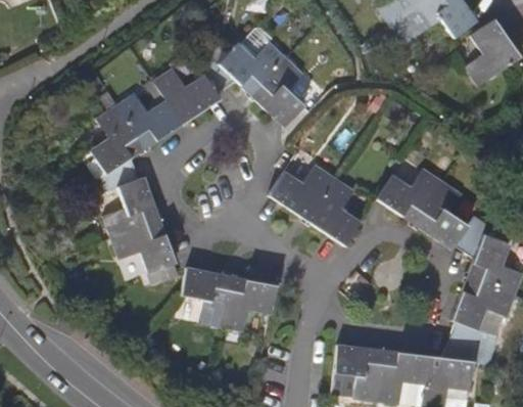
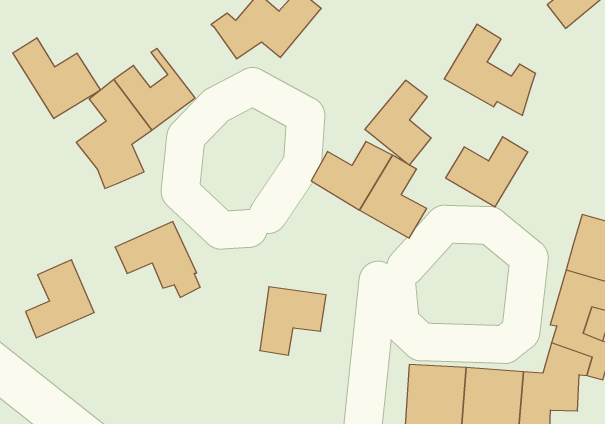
building: [252,58,304,126] -> [365,80,431,165]
building: [155,67,221,123] -> none
building: none -> [13,38,100,119]
building: [105,177,159,237] -> [26,260,94,338]
building: [415,182,487,257] -> [444,24,536,115]
building: [182,266,232,326] -> none

